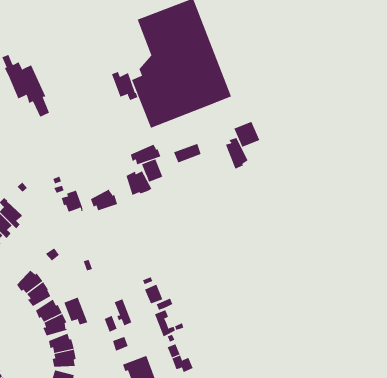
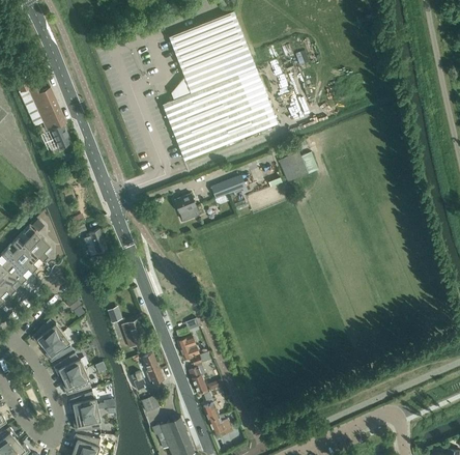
building: [111,71,138,101] -> none
building: [225,137,249,169] -> none
building: [130,144,161,165] -> none
building: [126,170,152,197] -> none
building: none -> [23,227,51,263]
building: [90,188,118,211] -> none
building: [64,297,88,325] -> [121,319,149,351]

